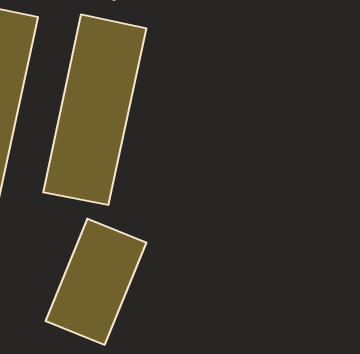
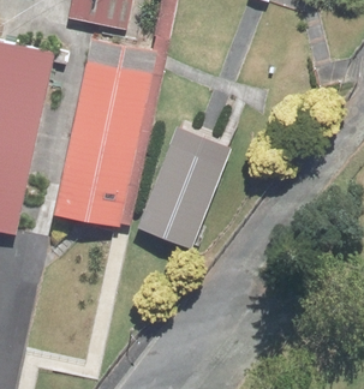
building: [46,219,146,345] -> [136,127,232,247]

